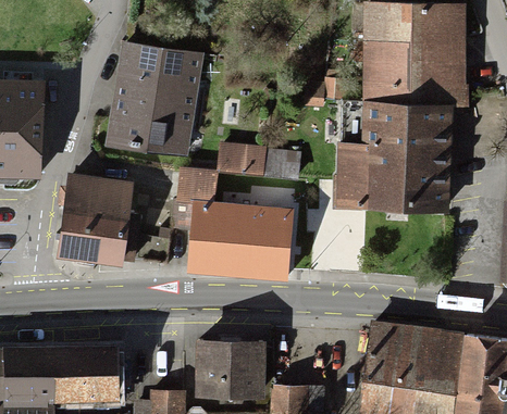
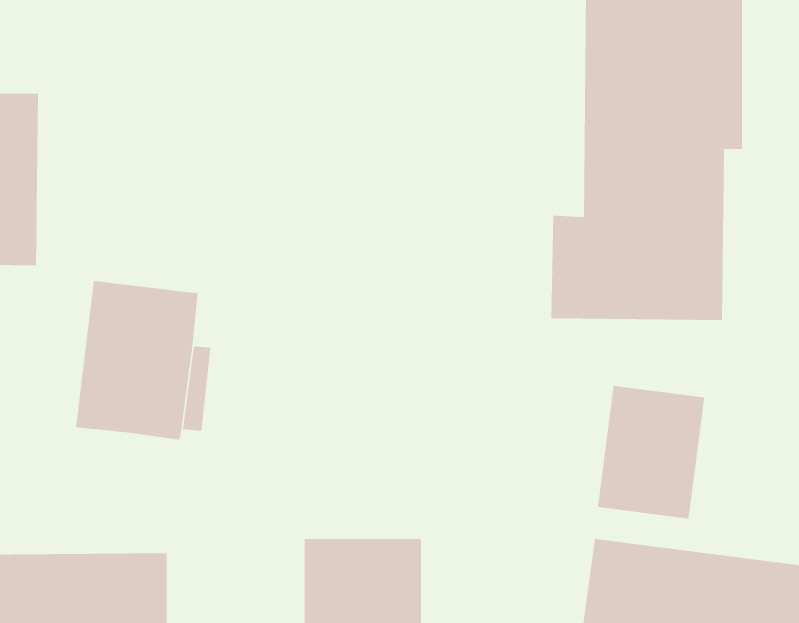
building: [109,50,198,153] -> none
building: [177,153,294,276] -> none
building: none -> [597,385,705,519]

